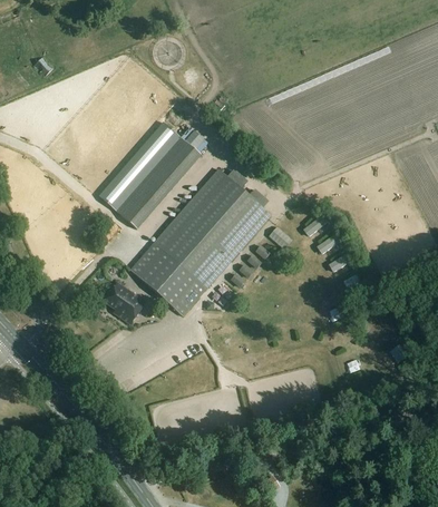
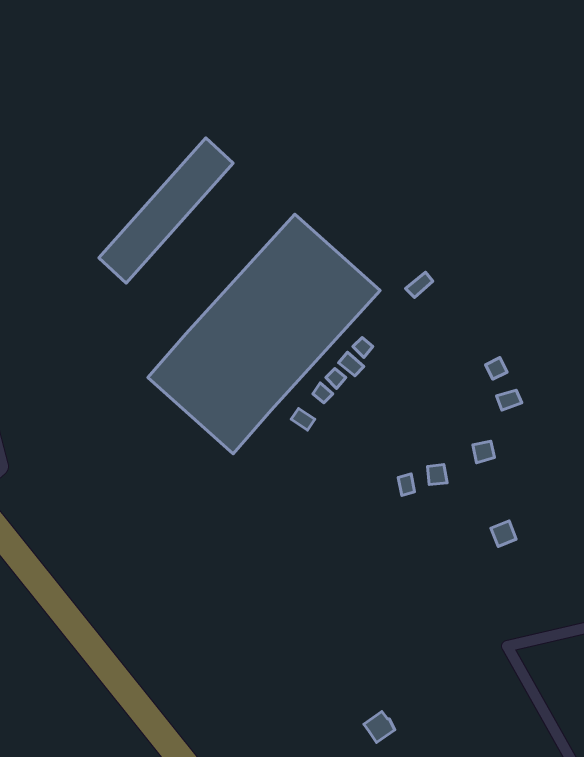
building: [116,137,202,228] -> none
building: [103,282,145,324] -> none

